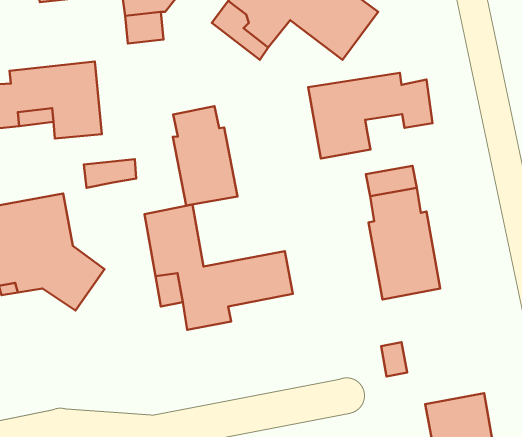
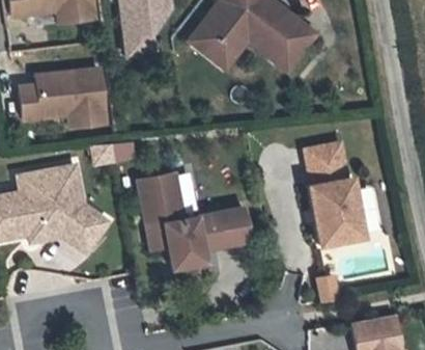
building: [308,73,433,159] -> none
building: [173,106,237,206] -> none

